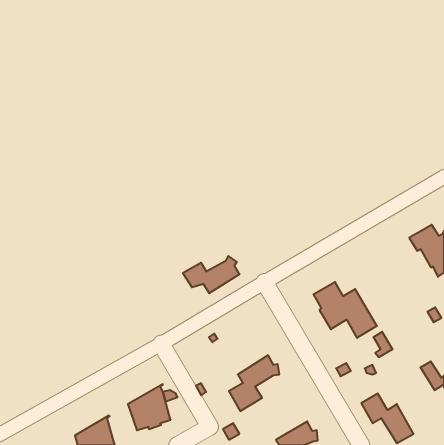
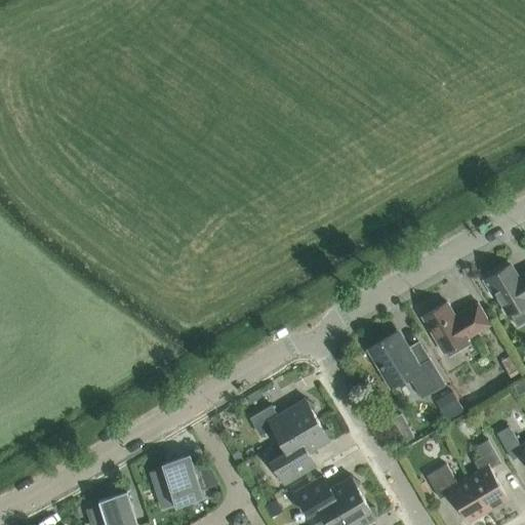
building: [183,256,240,293] -> [249,397,316,441]
building: none -> [421,301,489,352]
building: none -> [468,440,508,511]
building: none -> [295,475,362,518]

